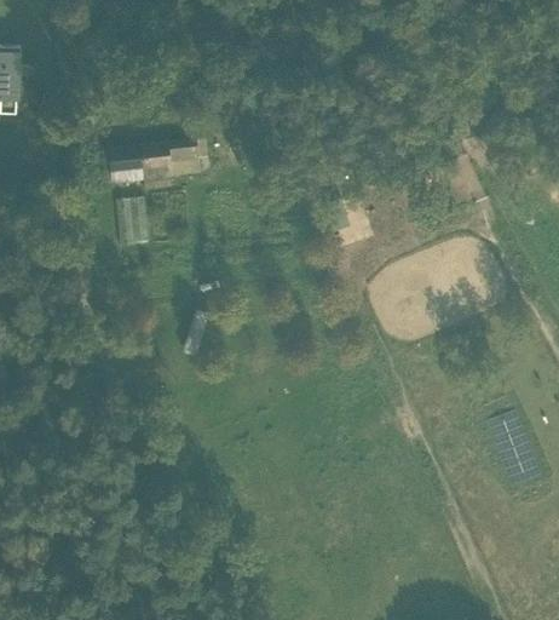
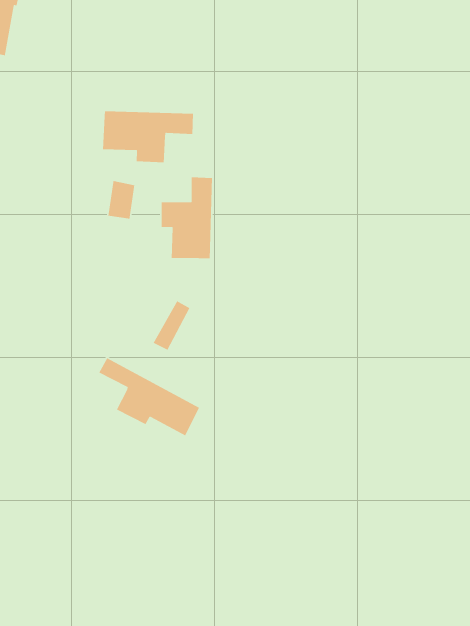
building: none -> [161,177,213,259]
building: none -> [98,357,200,436]

